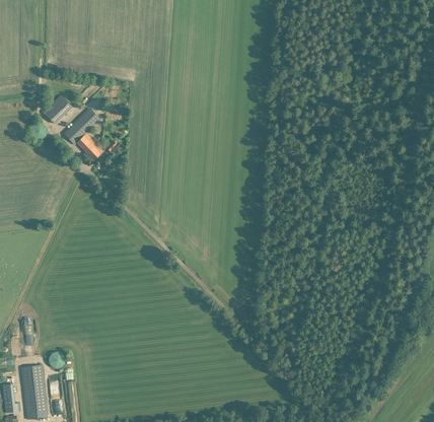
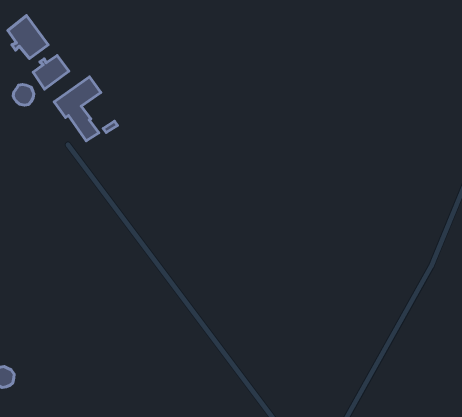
building: none -> [8,16,48,58]

